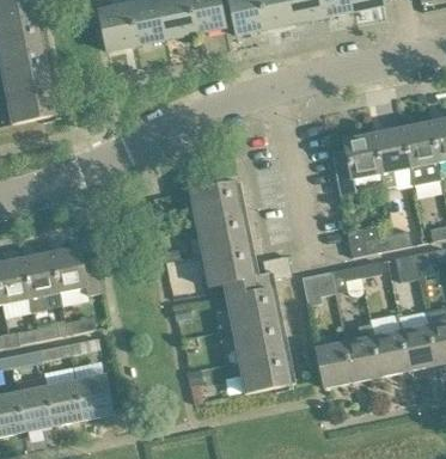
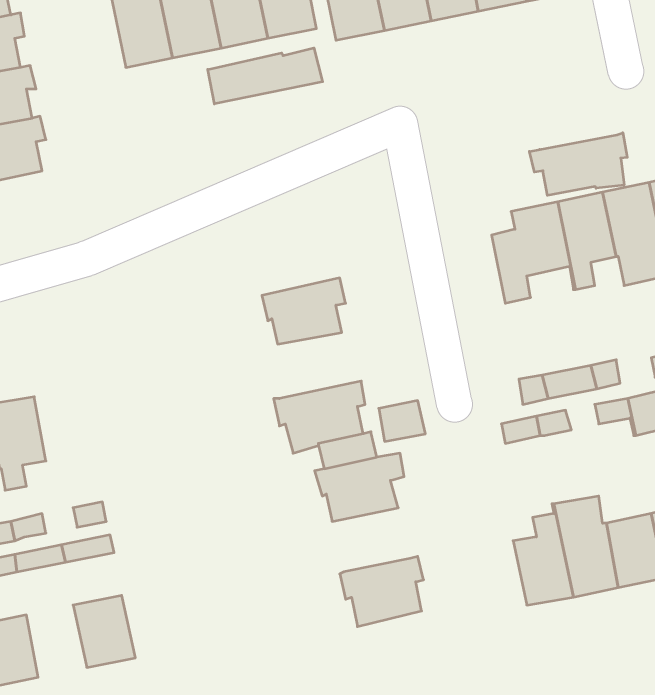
building: none -> [208,48,323,104]
building: none -> [529,133,627,195]
building: [197,212,248,253] -> none
building: [50,246,102,294] -> none
building: [301,270,336,305] -> none
building: [231,319,282,360] -> none
building: [316,341,353,387] -> none
building: [45,380,83,424] -> none

